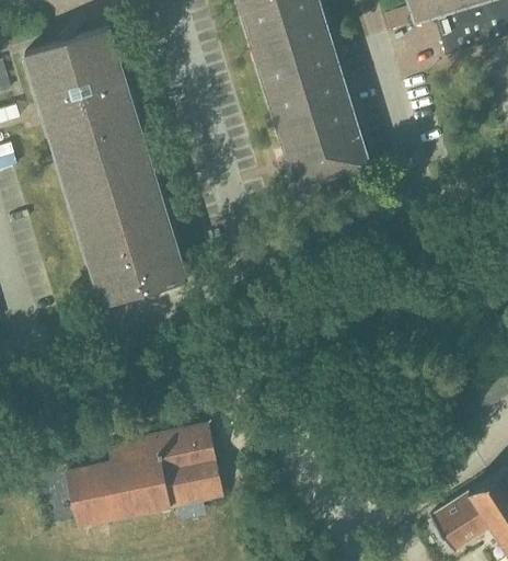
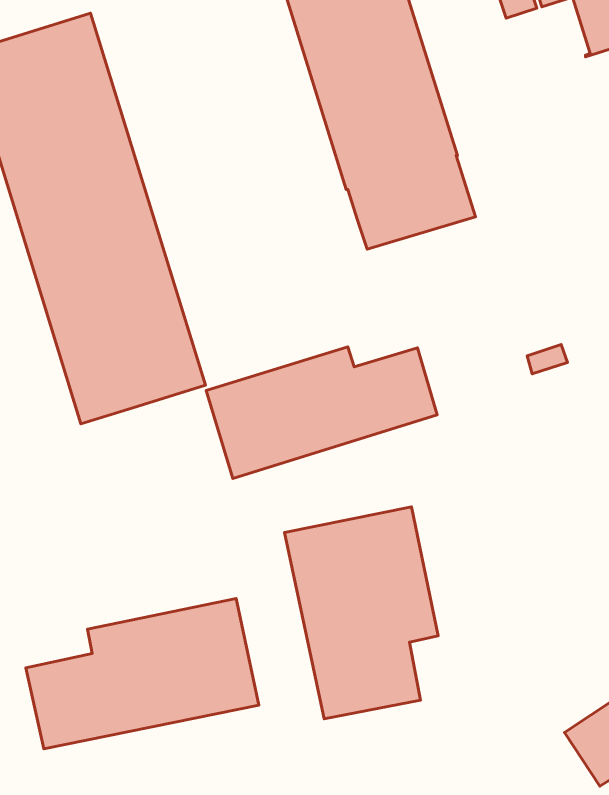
building: none -> [206,347,437,479]
building: none -> [285,507,438,719]

